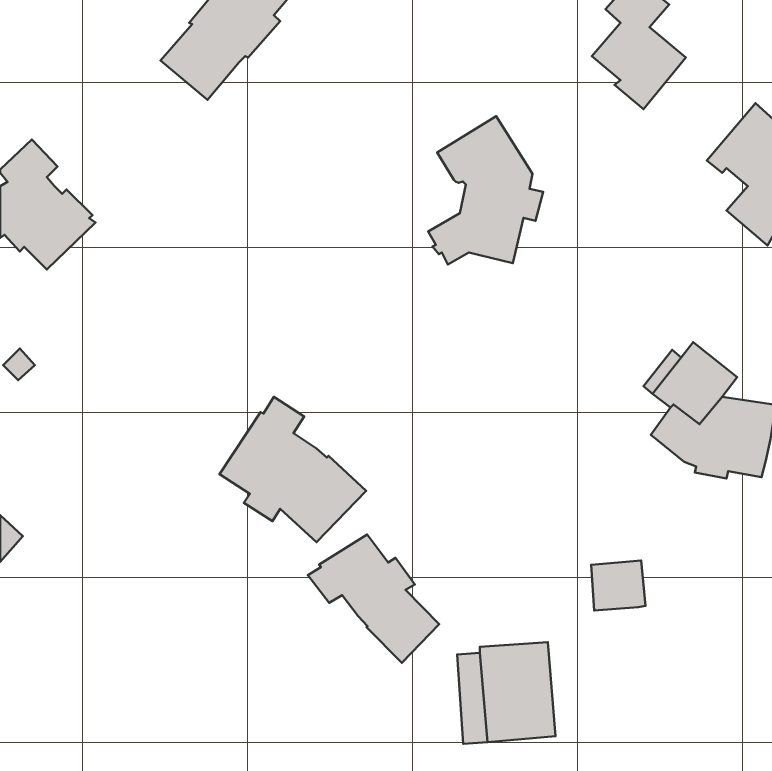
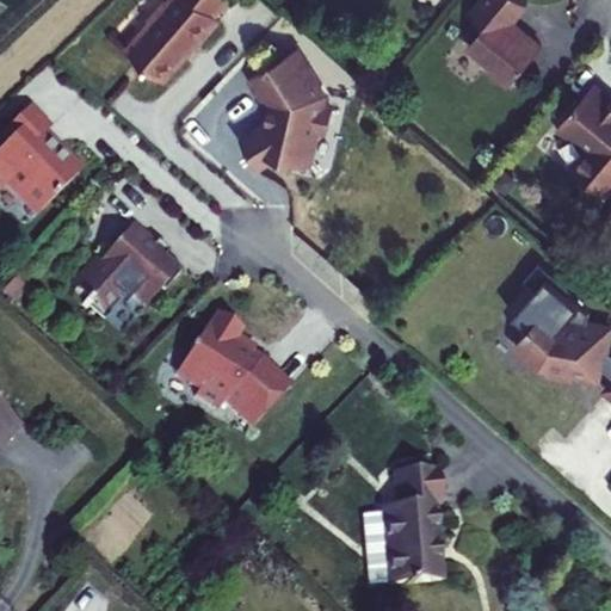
building: [428,116,543,265] -> [243,47,334,163]
building: none -> [74,226,180,313]
building: [308,535,439,663] -> none
building: [591,560,646,610] -> [396,469,439,508]

